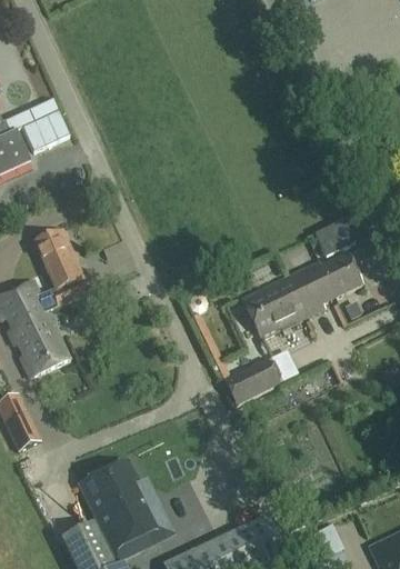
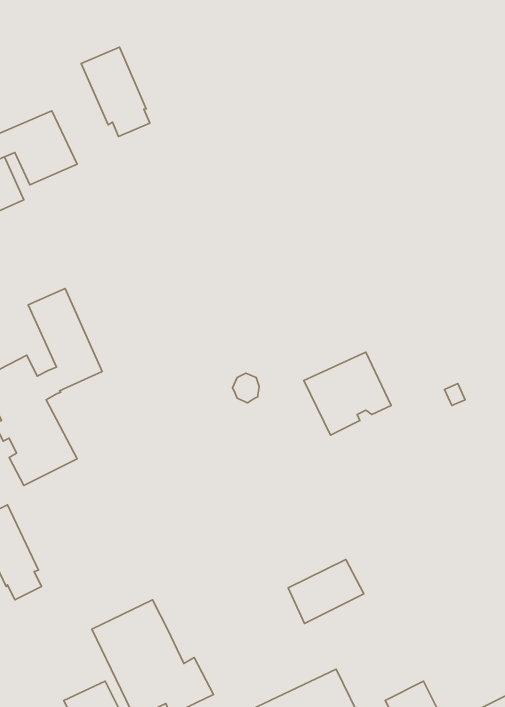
building: none -> [81,47,150,136]
building: [287,252,362,317] -> none
building: [222,357,279,405] -> [288,560,364,623]

